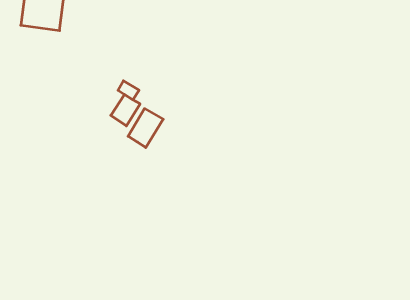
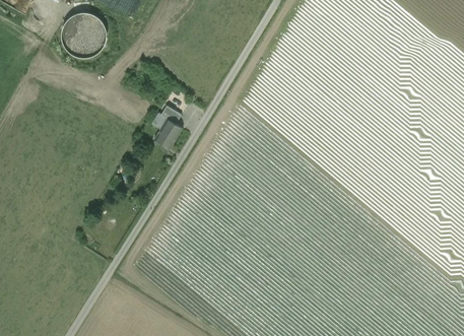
building: [128,109,163,148] -> none

